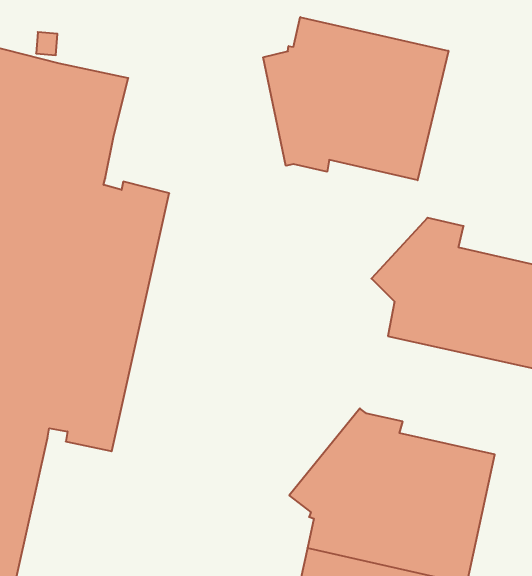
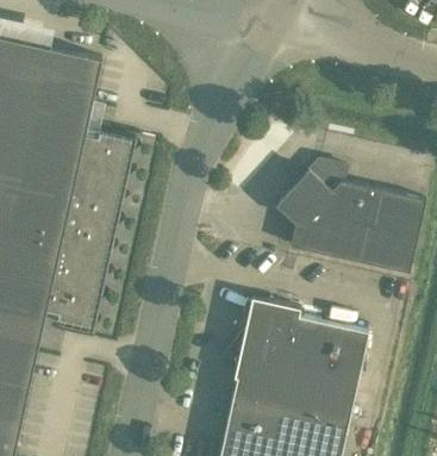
building: [263,17,448,180] -> none

